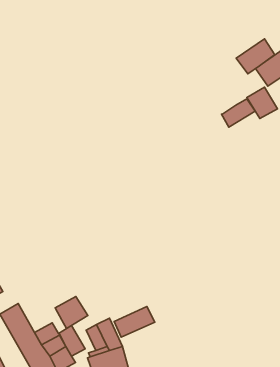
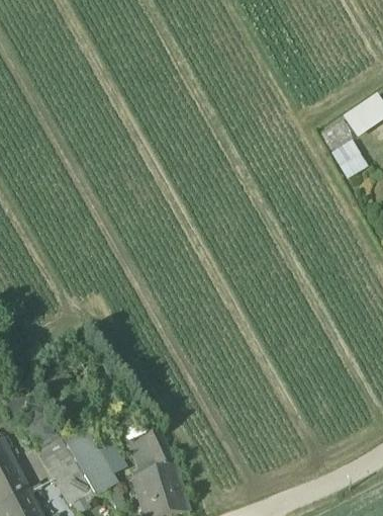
building: [236,39,275,74] -> none
building: [222,99,255,127] -> none
building: [55,297,88,328] -> none
building: [114,306,155,337] -> none

